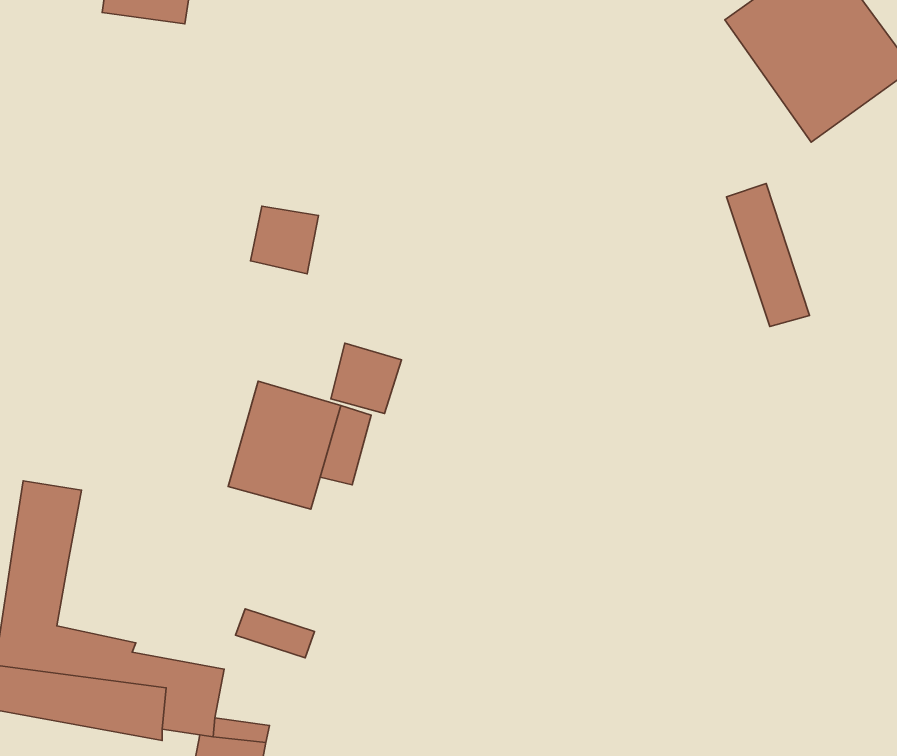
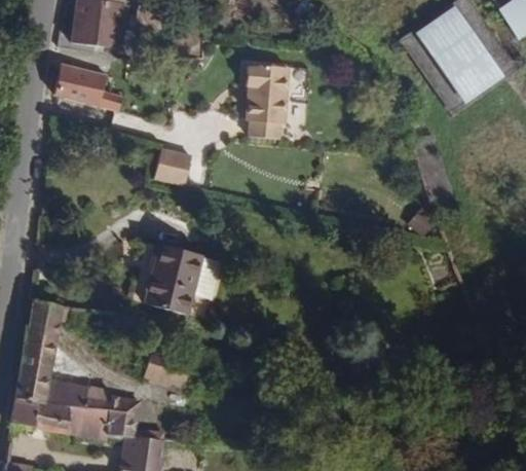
building: none -> [246,62,289,136]
building: none -> [53,64,123,111]
building: [331,343,402,414] -> none

